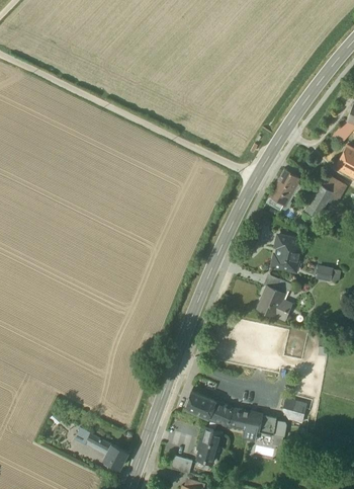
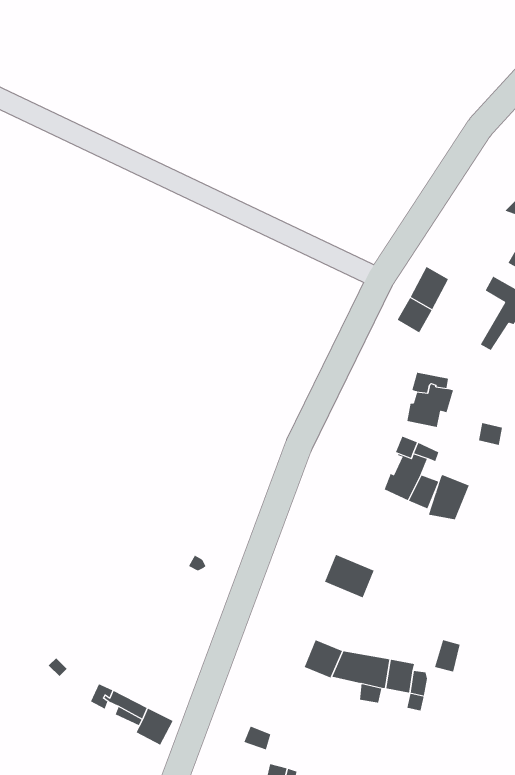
building: [305,184,333,218] -> none
building: none -> [428,474,469,520]
building: [184,391,215,418] -> [324,554,375,598]
building: [197,426,222,462] -> none

